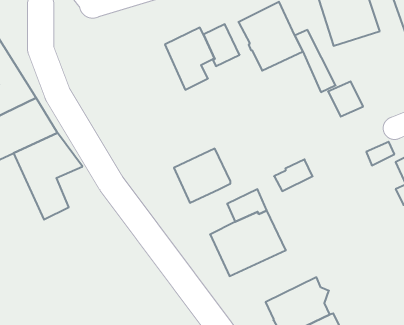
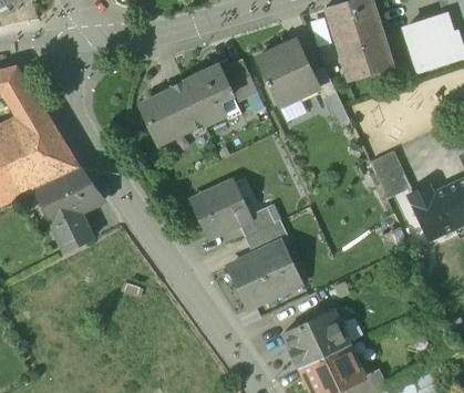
building: none -> [140,81,204,143]
building: [328,81,363,117] -> [369,152,403,186]
building: [274,159,313,191] -> [237,206,275,237]

